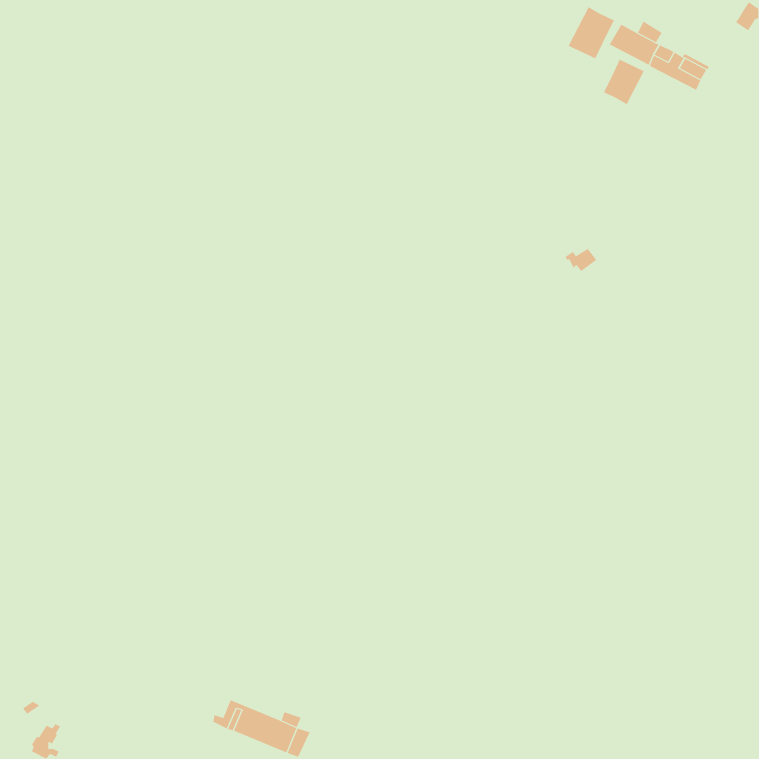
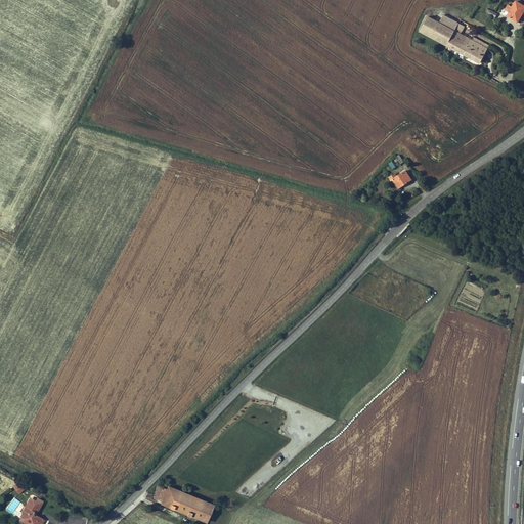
building: [568,6,615,59] -> none
building: [603,59,644,105] -> none

